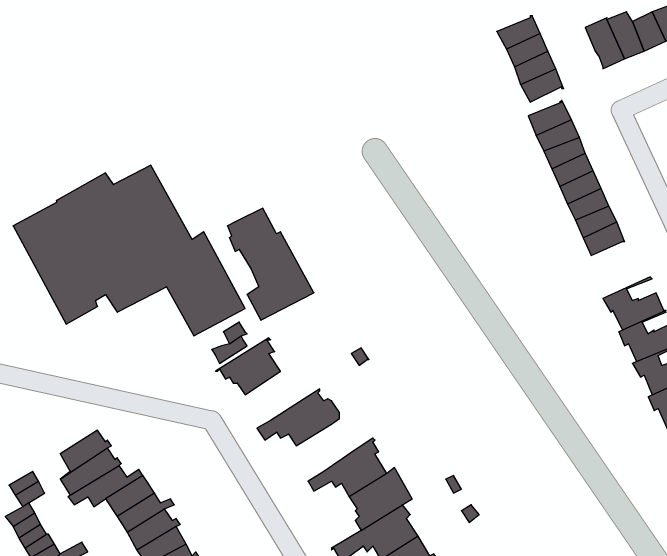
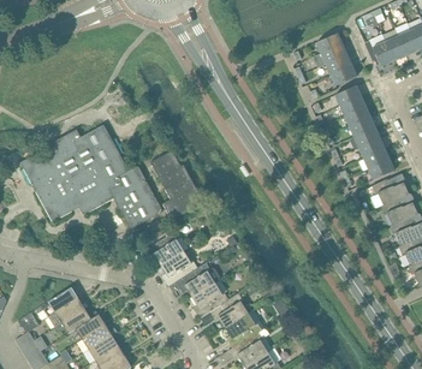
building: none -> [370,178,409,208]
building: none -> [161,250,197,286]
building: none -> [192,282,228,319]

